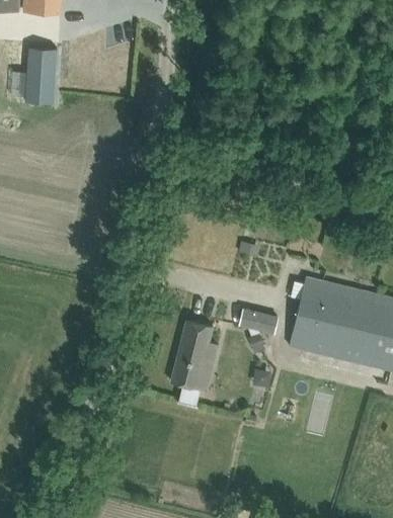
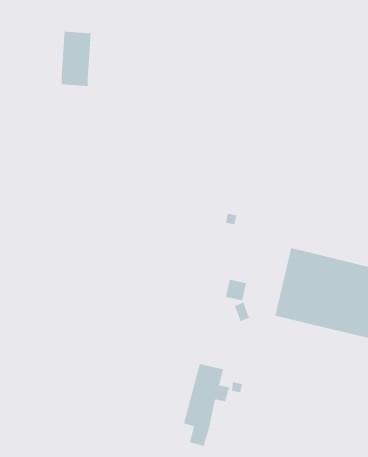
building: [26,48,58,104] -> [61,31,91,86]
building: [172,321,220,406] -> [183,363,230,446]

